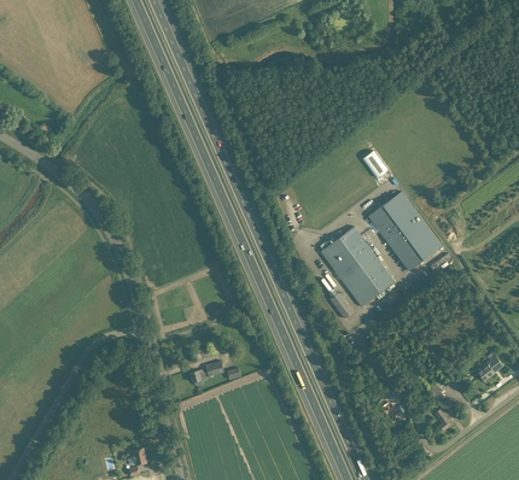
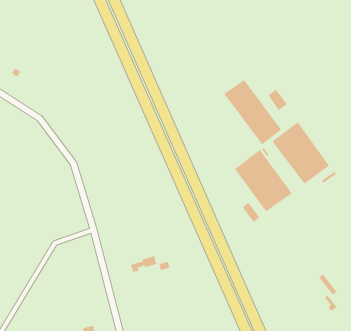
building: none -> [224,79,282,145]

